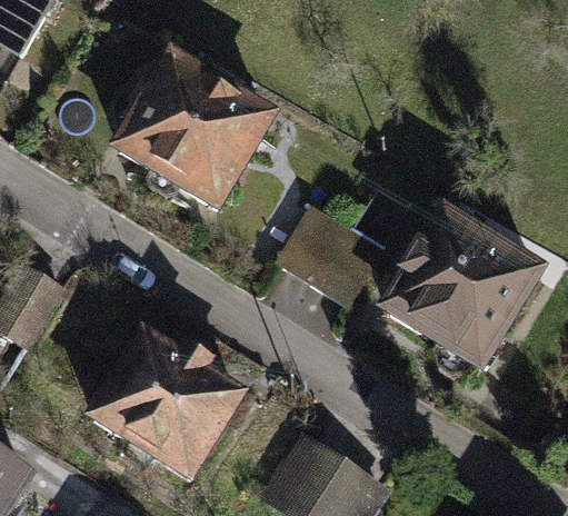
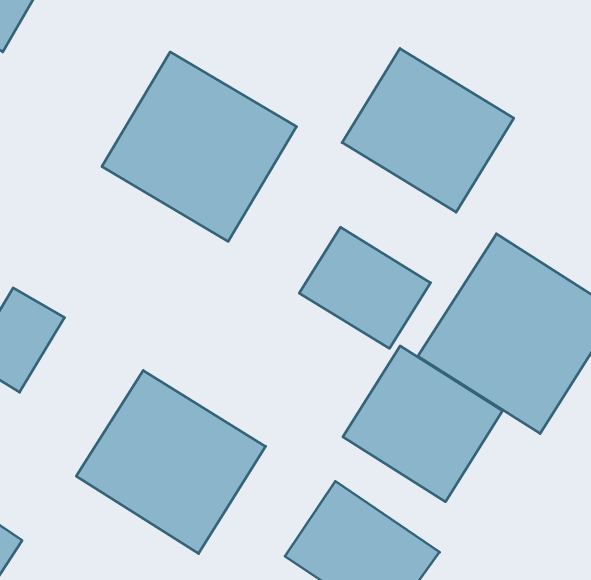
building: none -> [342,48,514,212]
building: none -> [343,346,502,502]

